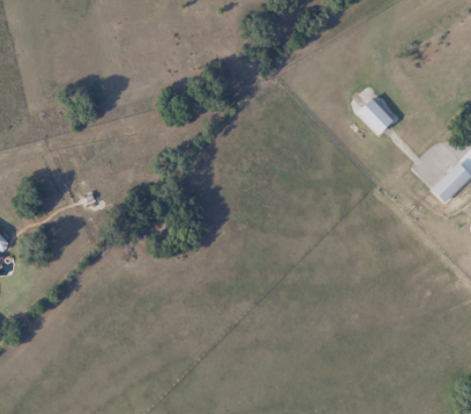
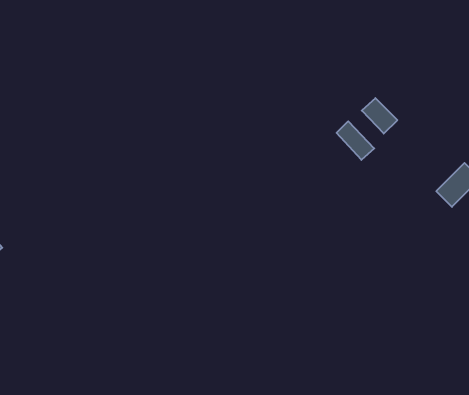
building: none -> [337,121,374,160]

